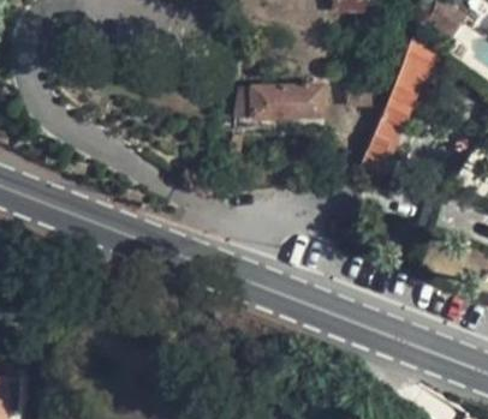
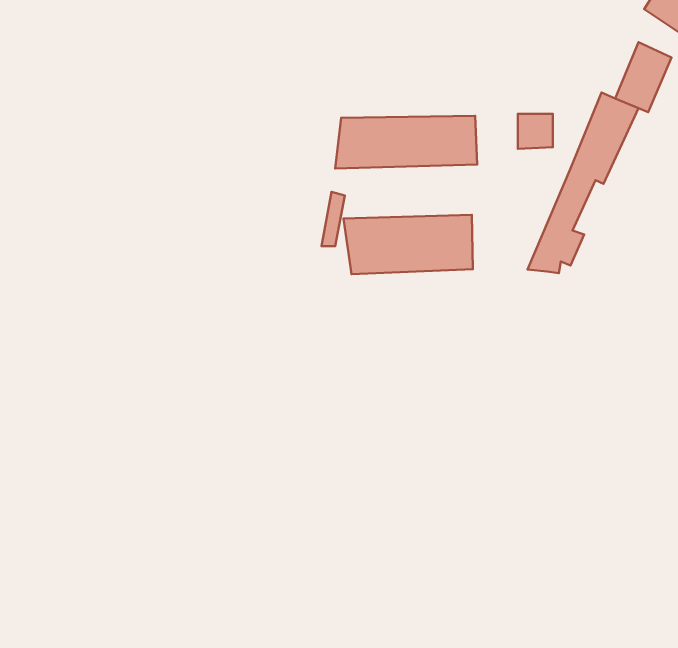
building: none -> [343,215,473,274]

